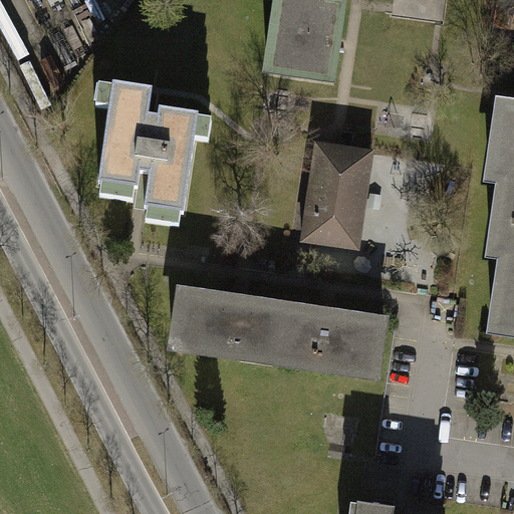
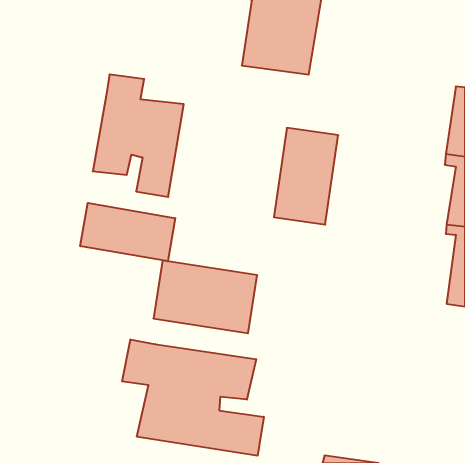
building: none -> [80,203,175,261]
building: [272,300,386,380] -> none
building: none -> [122,339,264,456]

